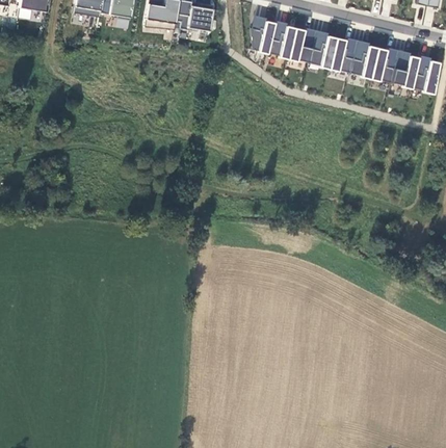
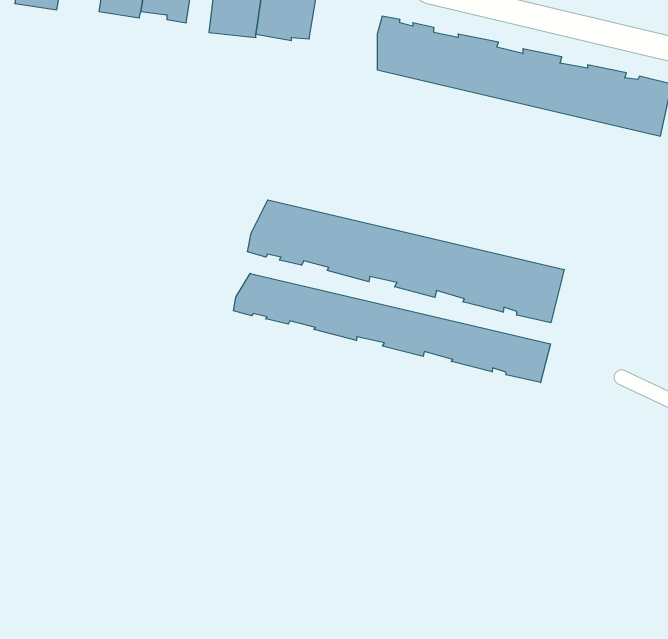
building: none -> [248,200,564,323]
building: none -> [233,273,551,383]

